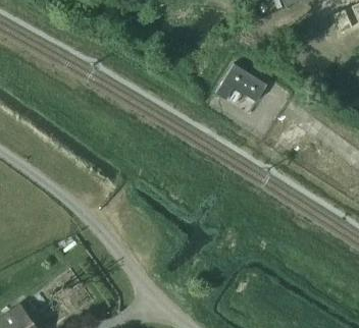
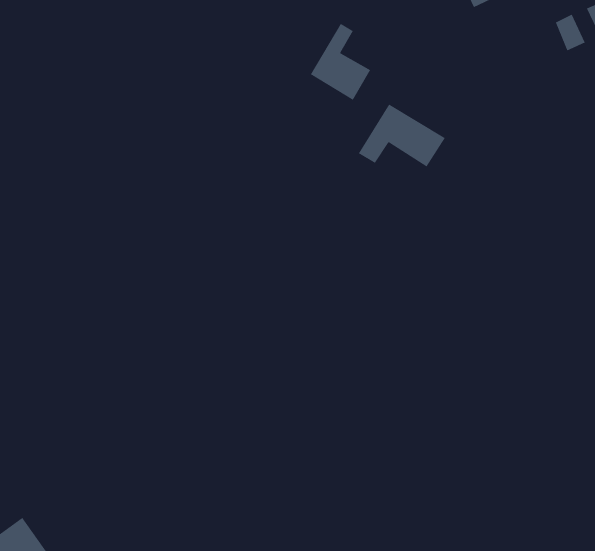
building: none -> [310,23,371,101]

